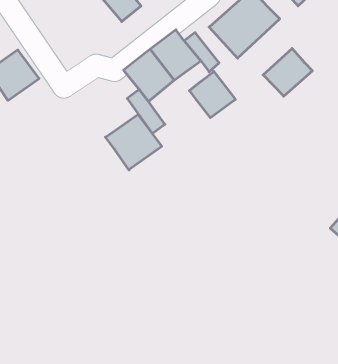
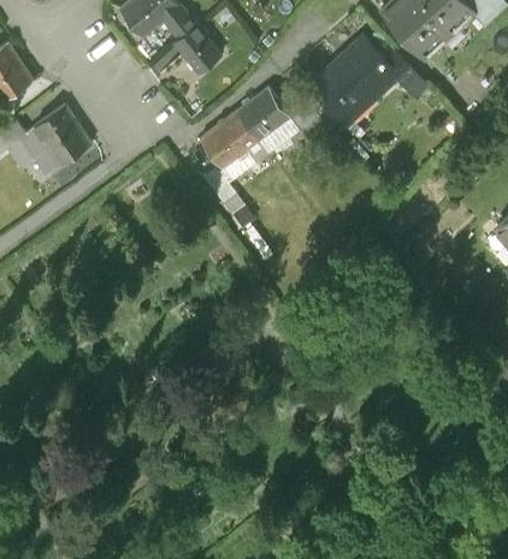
building: [263,48,312,96] -> none
building: [189,71,235,118] -> none
building: [105,115,162,170] -> none

